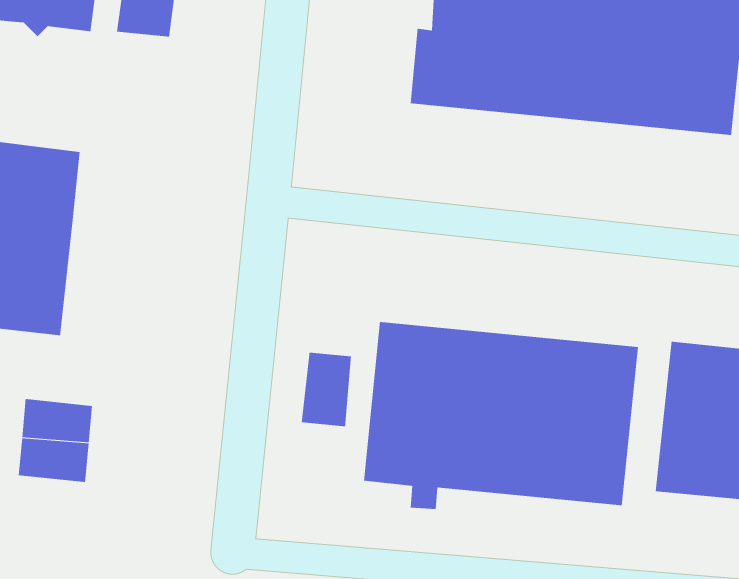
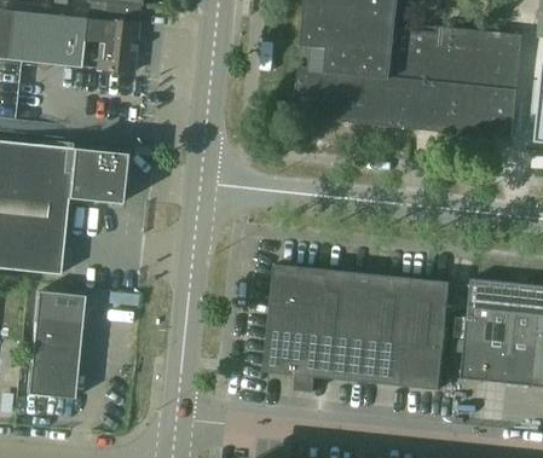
building: none -> [68,147,126,203]
building: [301,352,351,427] -> none
building: none -> [35,290,83,320]
building: none -> [27,367,76,398]

